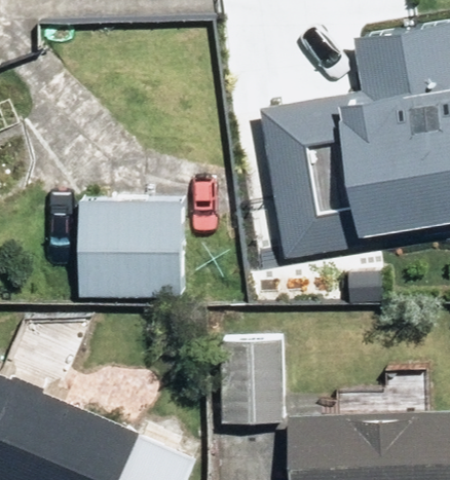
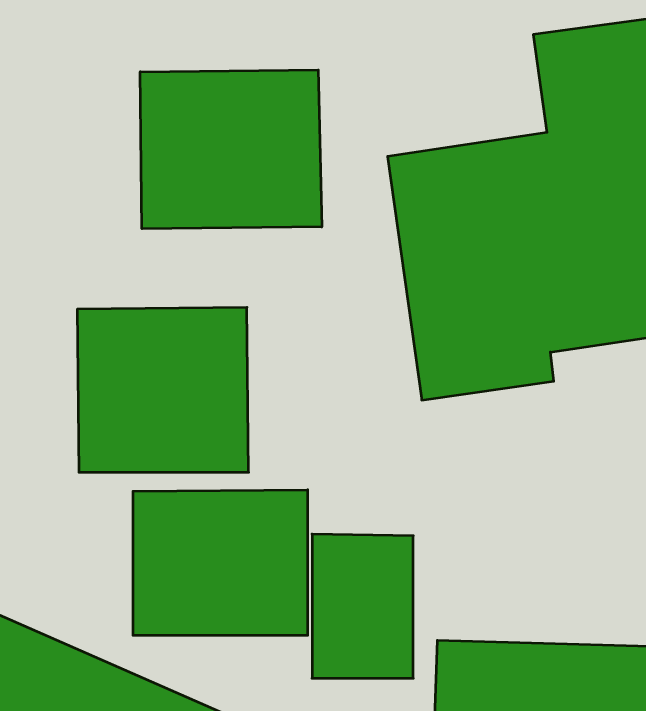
building: none -> [140,70,322,229]
building: none -> [133,490,308,635]

